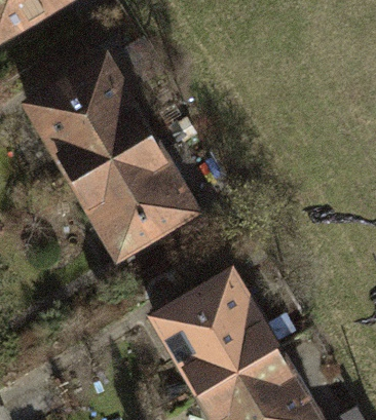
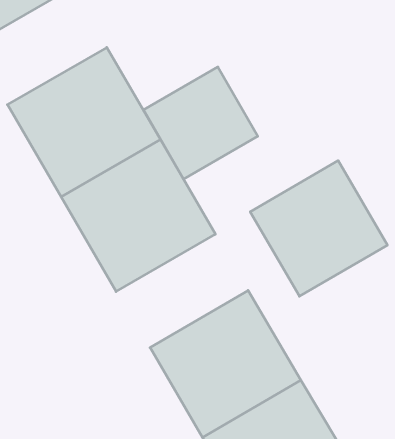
building: none -> [144,67,258,179]
building: none -> [250,161,387,296]

